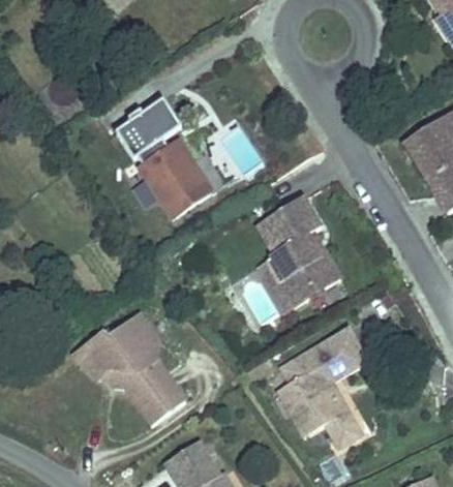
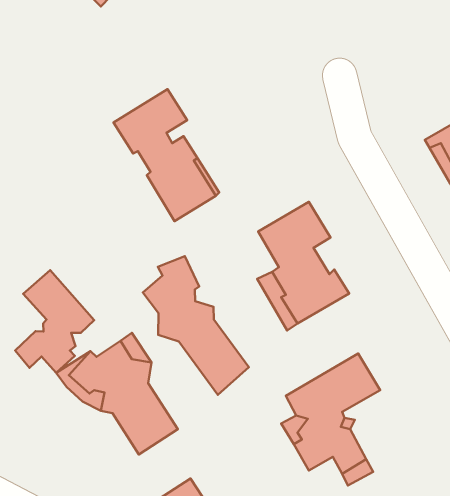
building: none -> [143,256,249,395]
building: none -> [15,270,94,373]

